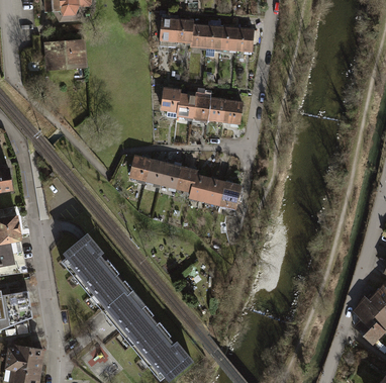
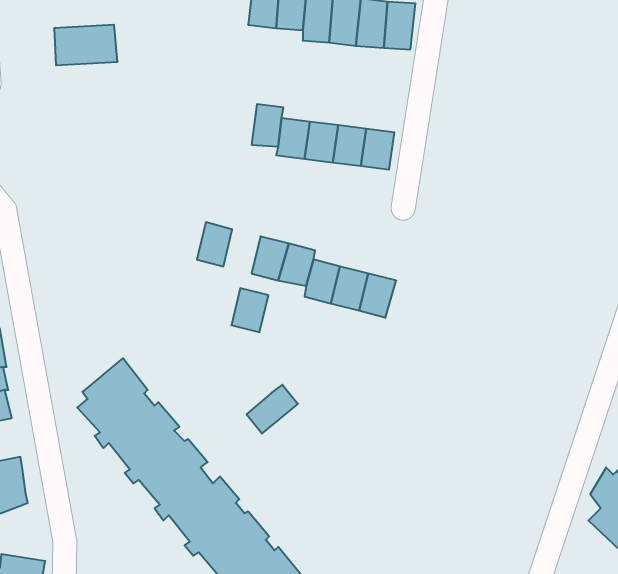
building: [144,159,166,184] -> [231,288,268,332]
building: none -> [247,385,298,434]

